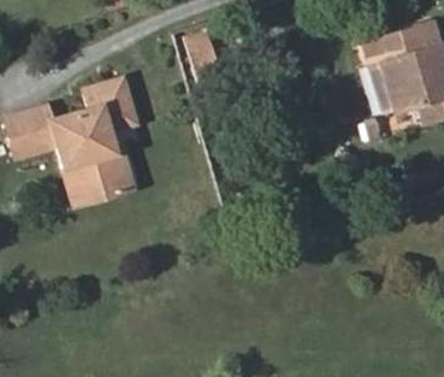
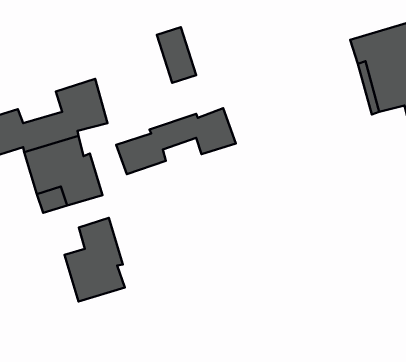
building: none -> [116,108,236,174]
building: none -> [64,218,125,302]

